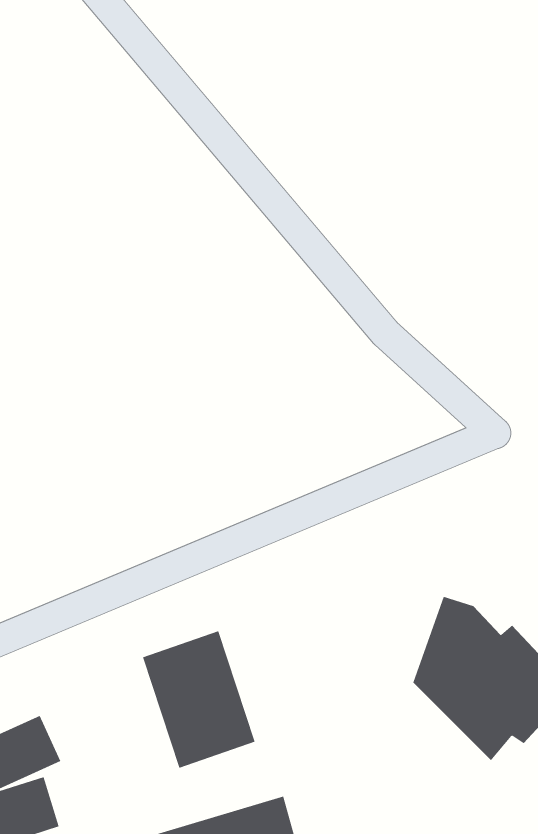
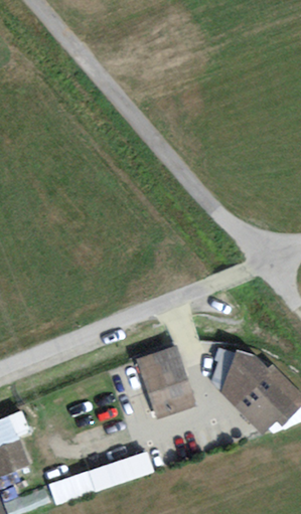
building: [142,630,255,769] -> [135,346,194,418]

